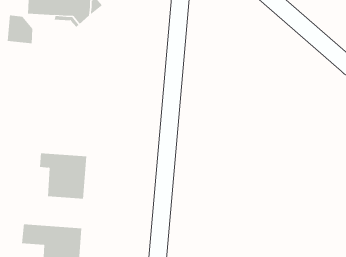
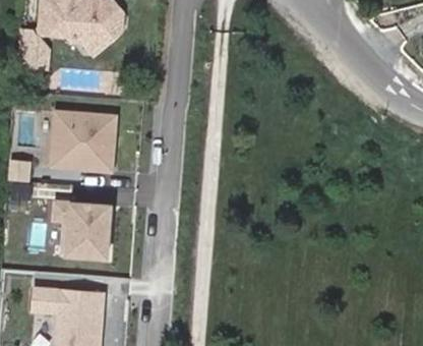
building: none -> [51,112,114,171]

